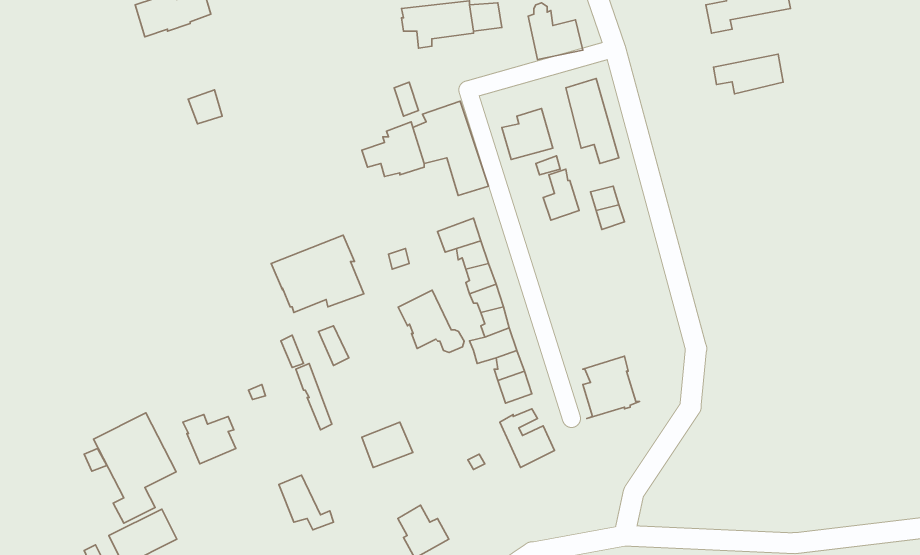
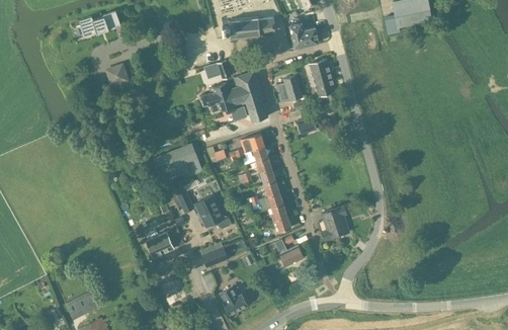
building: [713,54,783,94] -> none
building: [398,290,464,352] -> [194,195,230,229]
building: [93,413,176,523] -> none
building: [183,415,236,464] -> [144,231,172,257]

